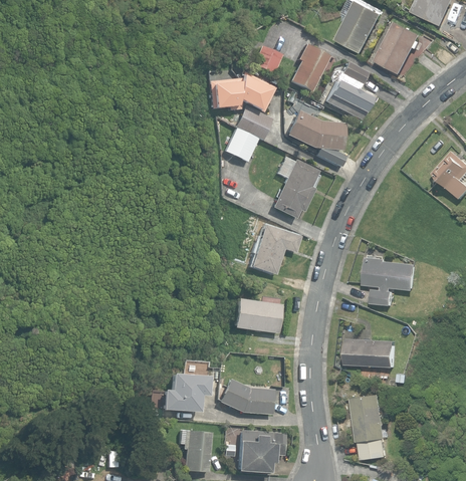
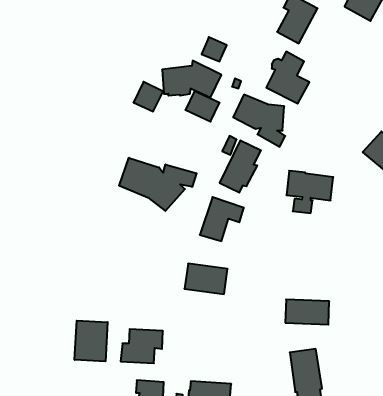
building: [375,22,420,74] -> none
building: [289,44,328,92] -> none
building: [224,129,257,162] -> [133,82,163,111]
building: none -> [119,158,197,211]
building: [364,258,416,305] -> [286,171,333,213]
building: none -> [75,321,108,361]
building: [218,380,272,415] -> none

